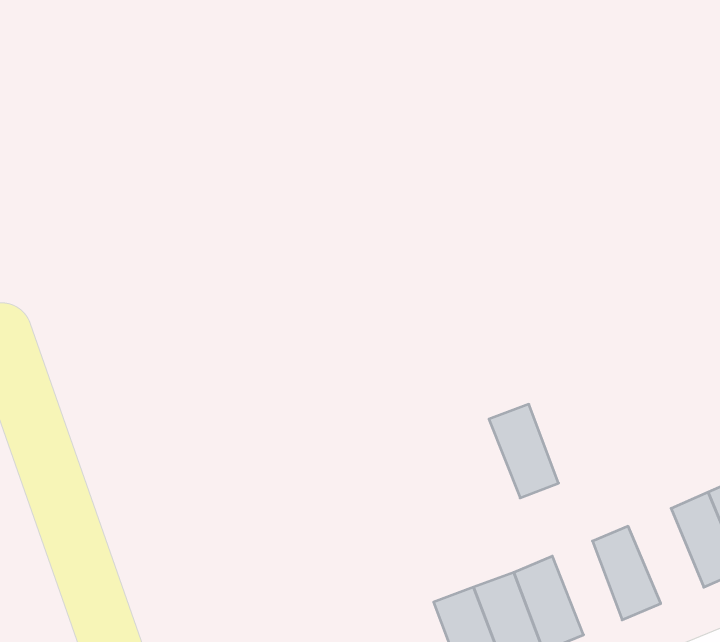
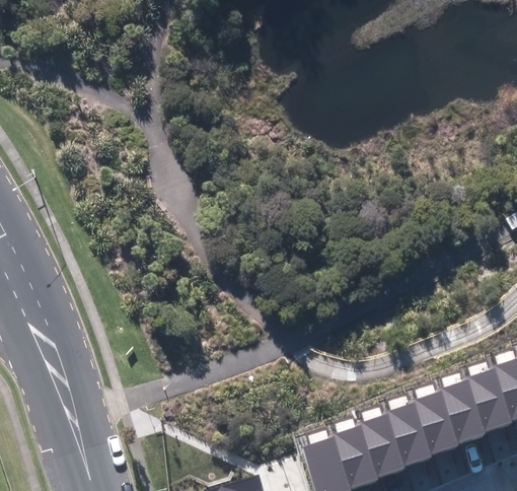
building: [489,404,559,498] -> [385,403,433,467]
building: none -> [437,380,489,445]

